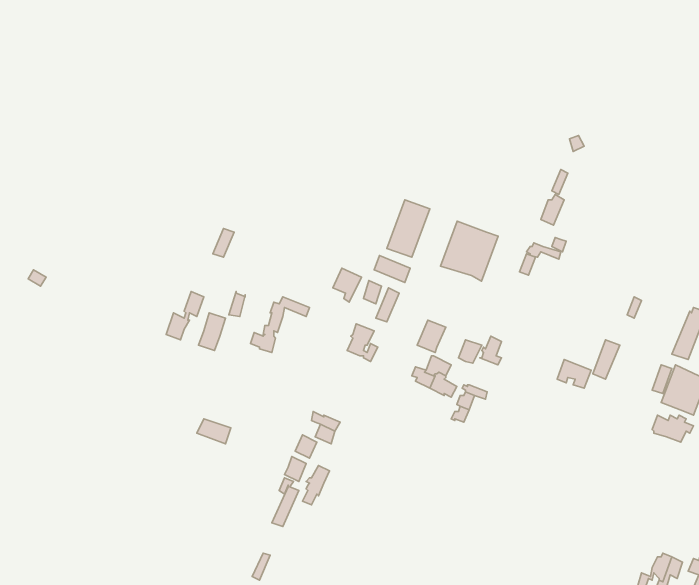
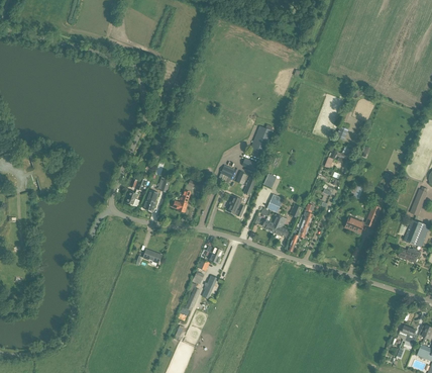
building: [440,221,498,281] -> none

